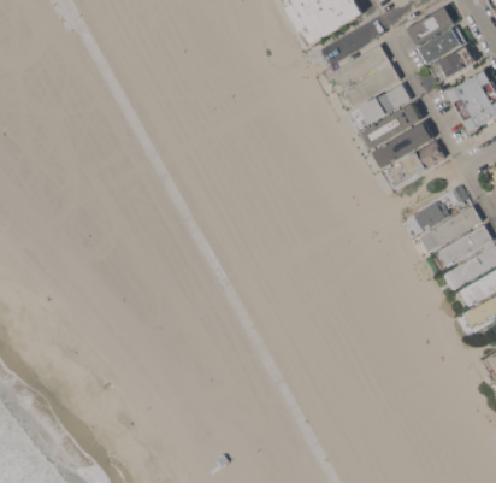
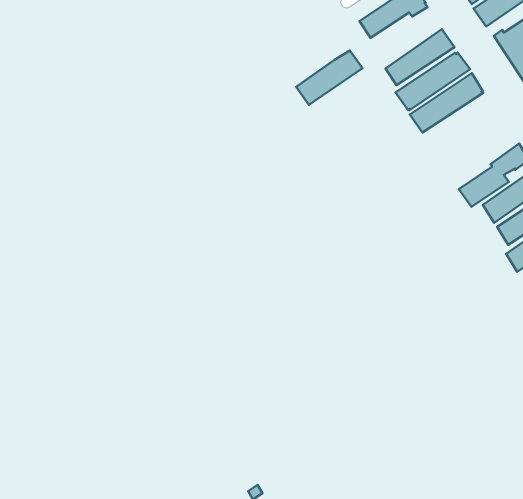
building: [343,64,400,107] -> [296,50,362,105]
building: [385,141,444,185] -> none

